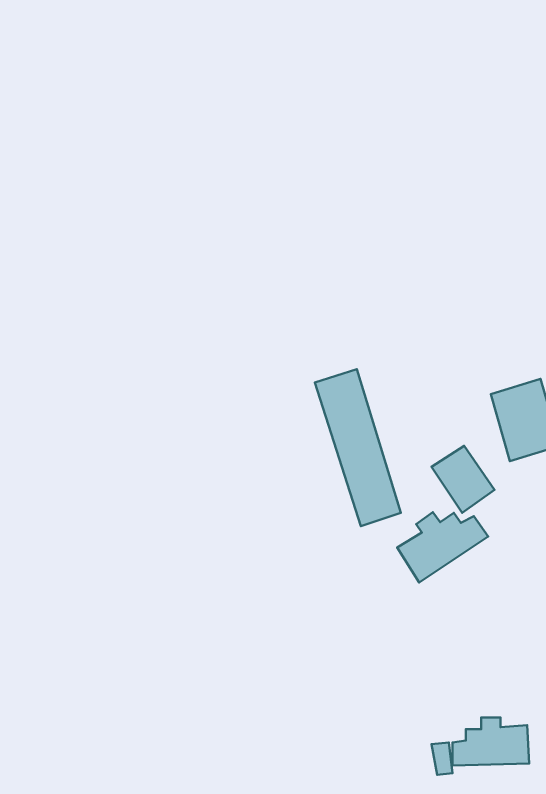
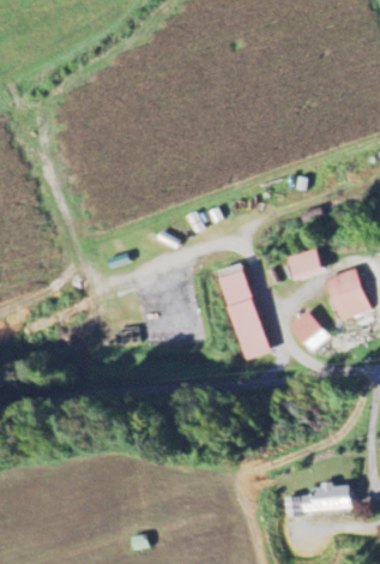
building: none -> [288,248,324,281]
building: [397,512,488,582] -> none

